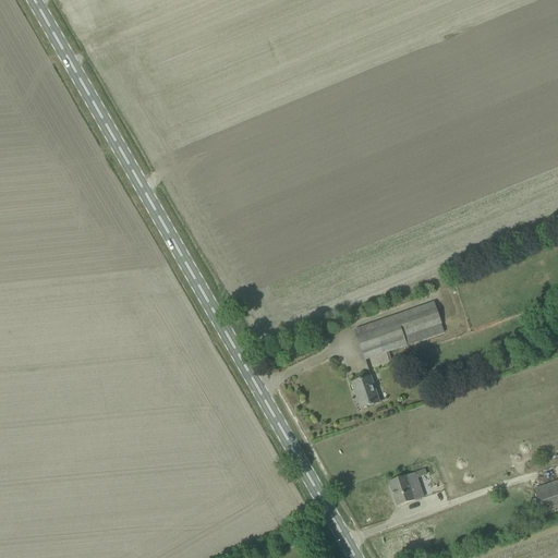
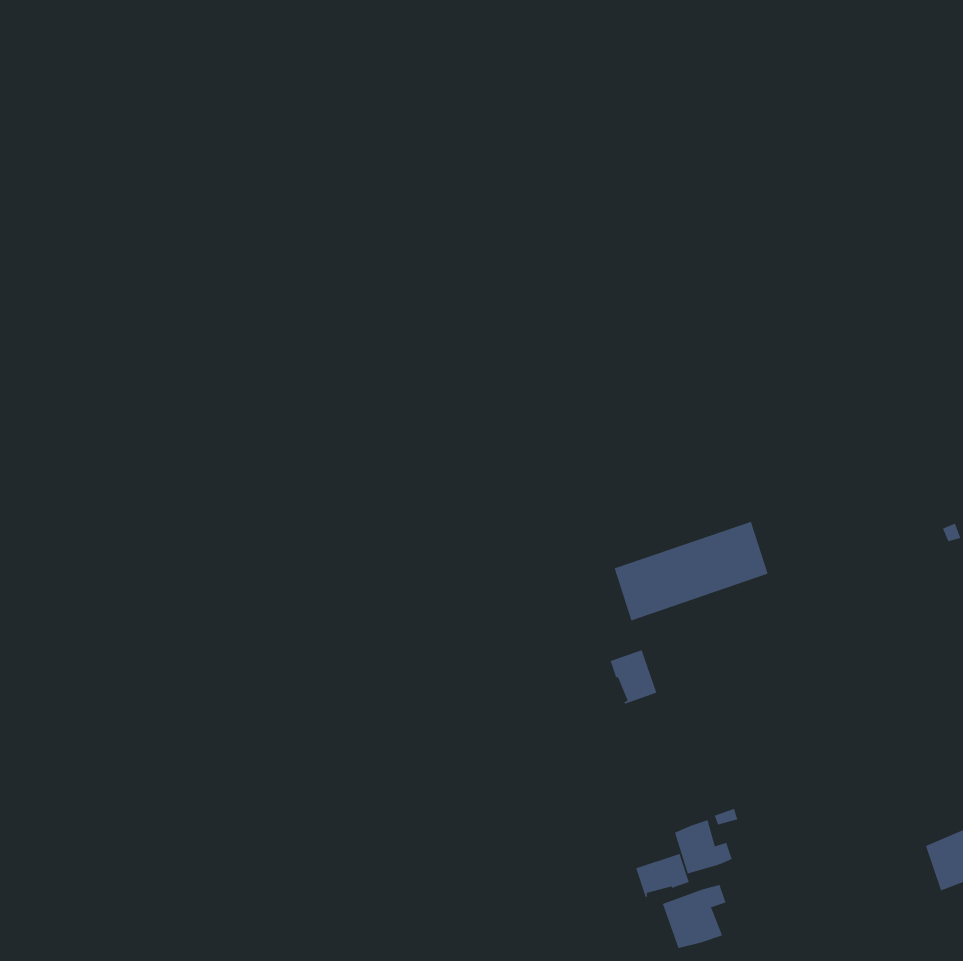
building: none -> [636,853,689,897]
building: none -> [662,884,726,949]

